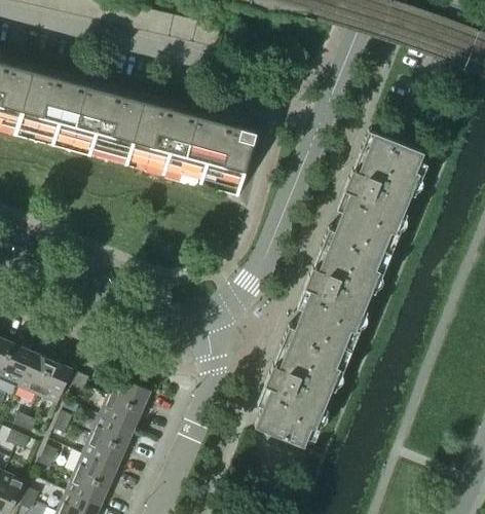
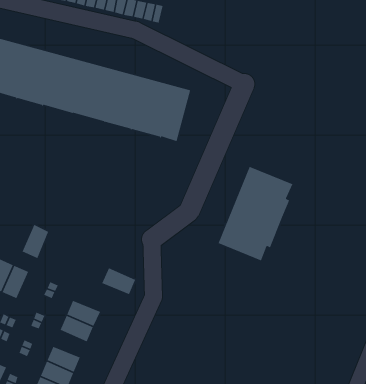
building: [330,131,424,251] -> none
building: [256,326,345,447] -> none
building: [38,361,73,405] -> [21,224,49,259]
building: [108,376,152,411] -> [101,267,136,295]
building: [83,435,126,469] -> none

